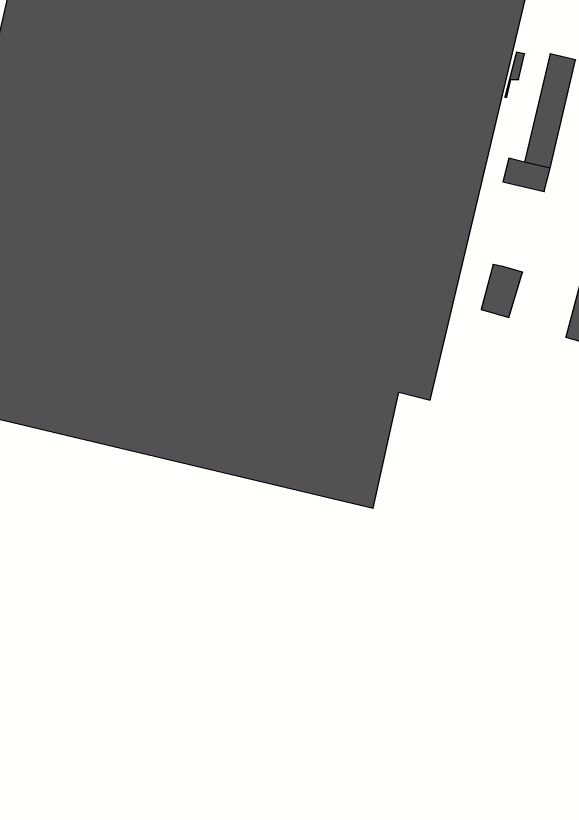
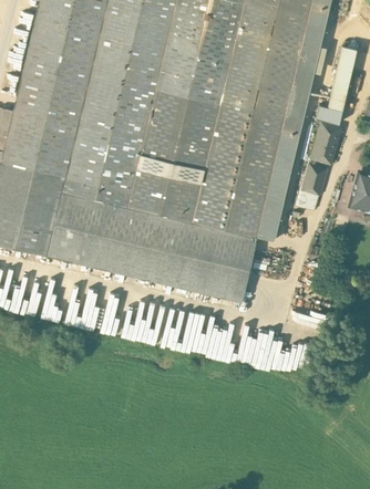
building: none -> [309,122,340,165]

